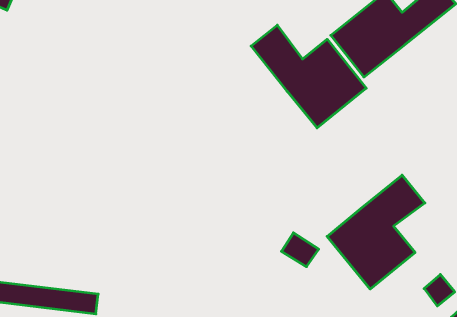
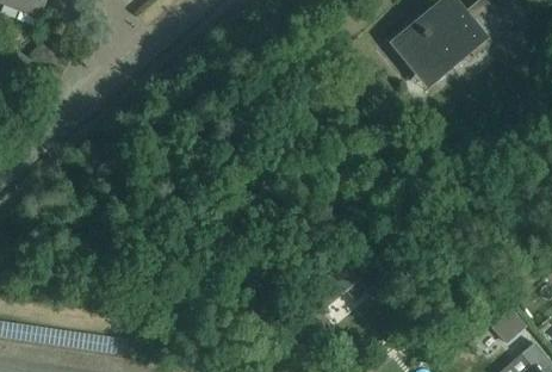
building: [251,25,366,128] -> none
building: [327,175,425,289] -> none

